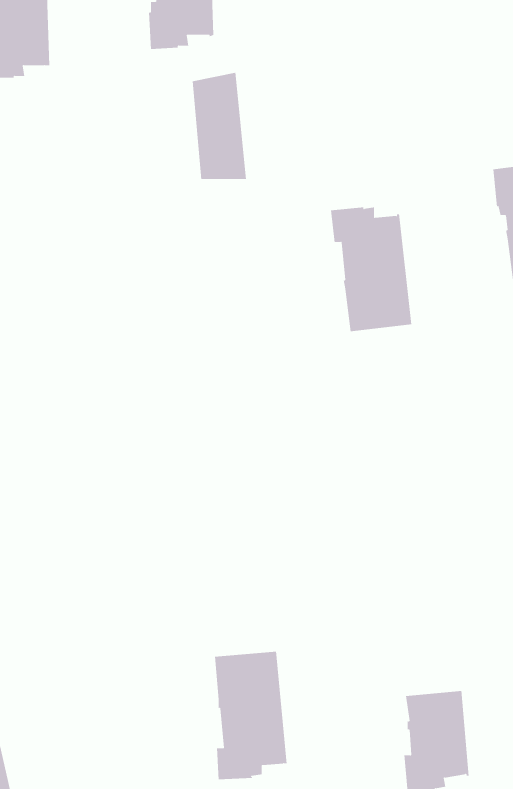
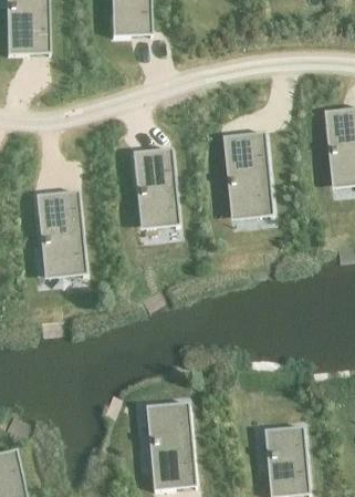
building: [192,72,247,179] -> [138,148,173,215]
building: none -> [32,193,83,270]

